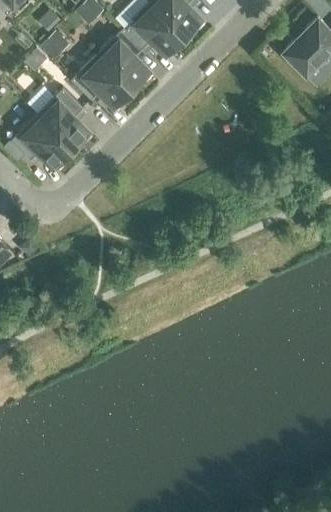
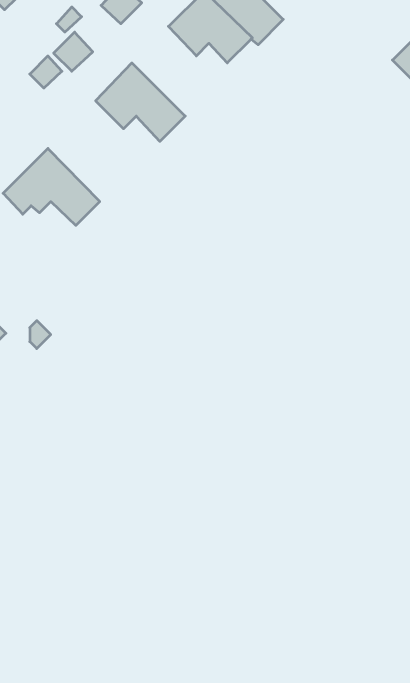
building: [98,27,153,91] -> none
building: [38,88,93,152] -> none

